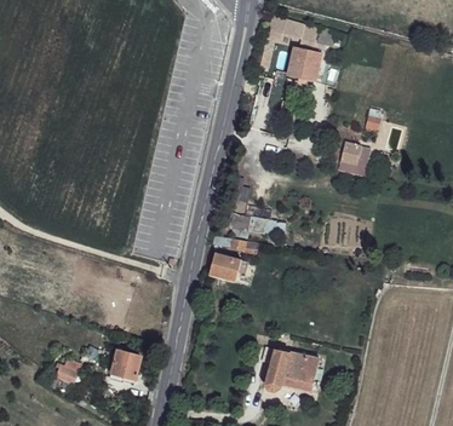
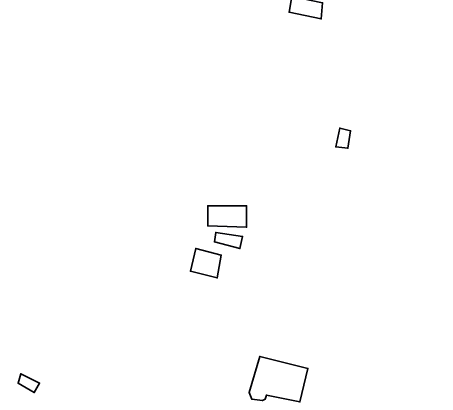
building: [288,46,321,82] -> none
building: [109,351,138,381] -> none

